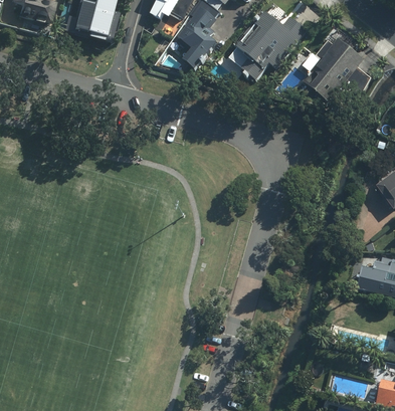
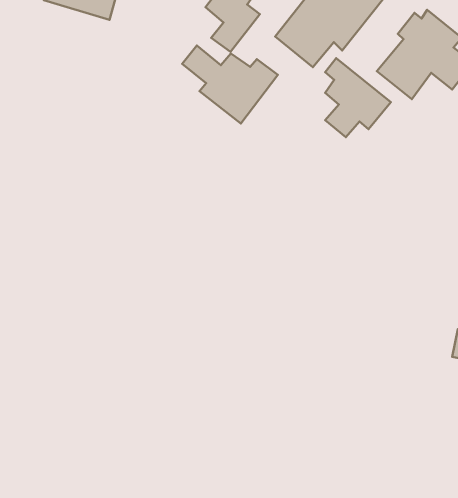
building: none -> [182,46,278,123]
building: none -> [325,58,391,137]

